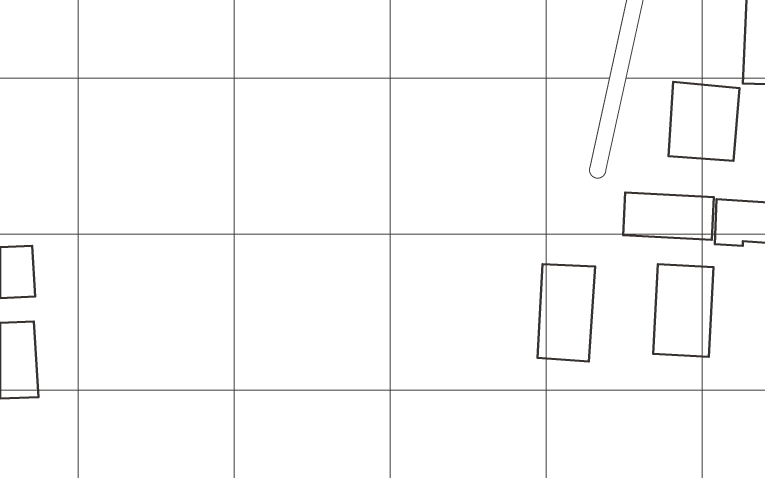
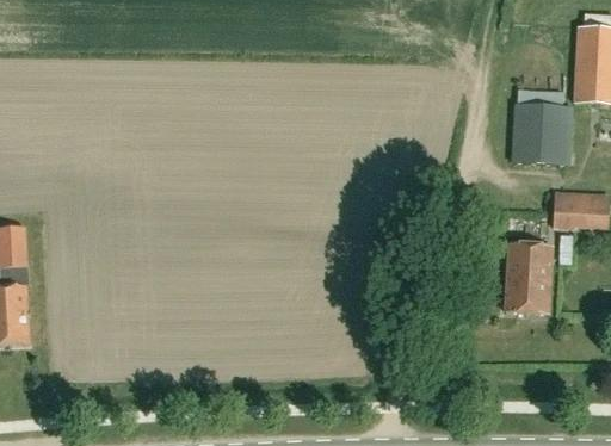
building: [623,192,714,240] -> none
building: [538,264,595,362] -> none

